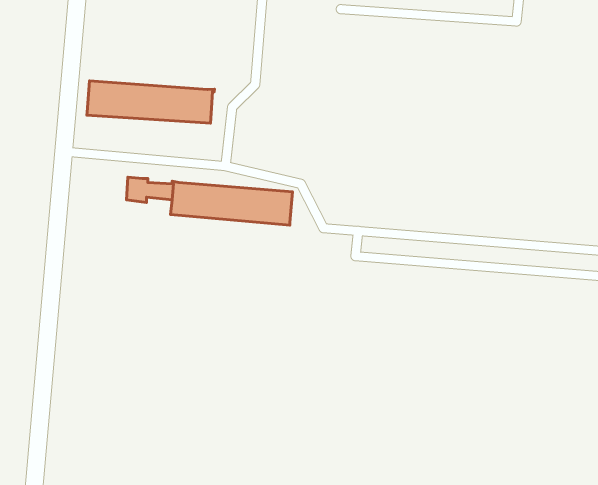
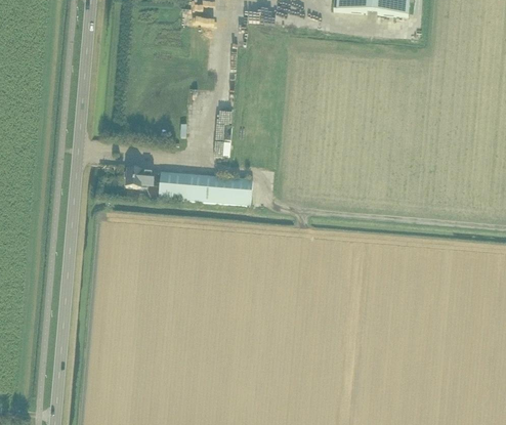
building: [87,81,214,123] -> none

